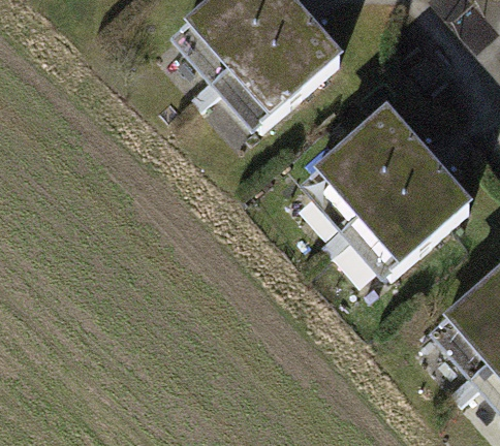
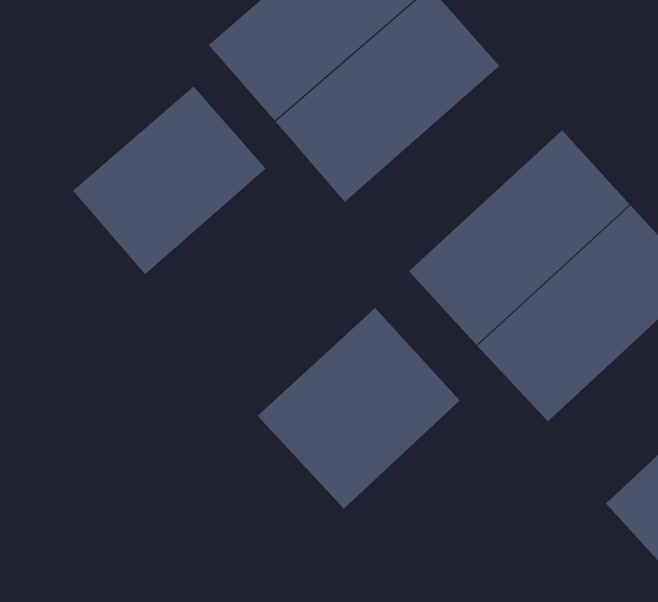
building: none -> [72,86,267,275]
building: none -> [257,307,460,510]

